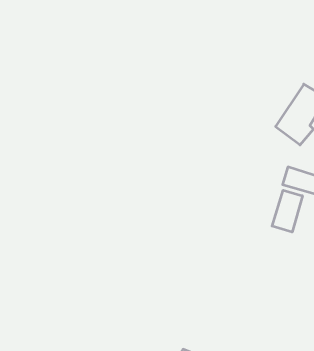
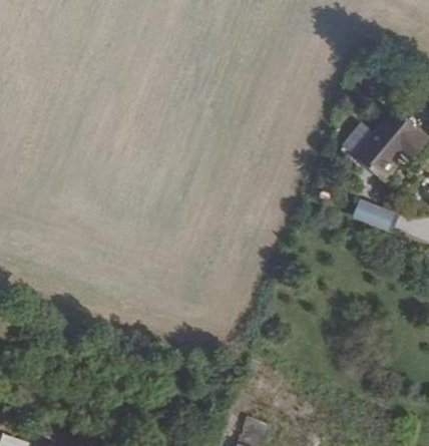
building: [272,190,302,232] -> none

